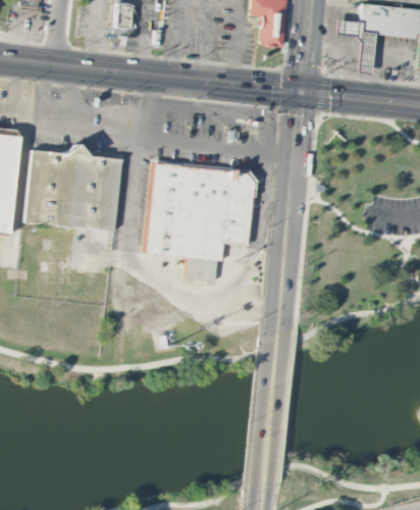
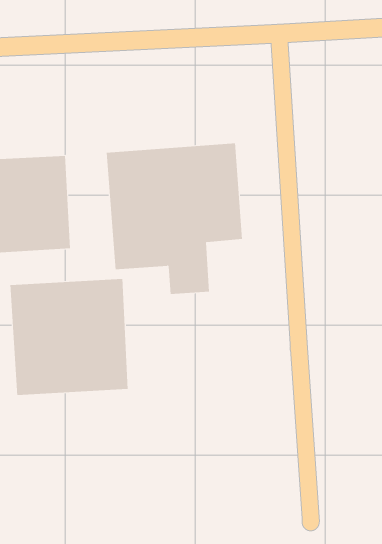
building: none -> [10,278,128,396]

